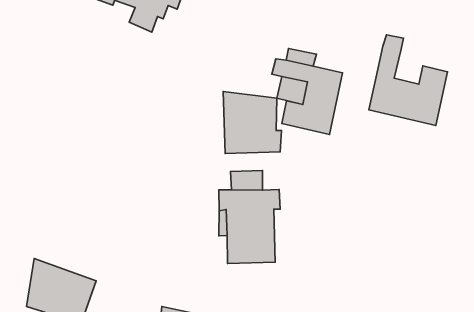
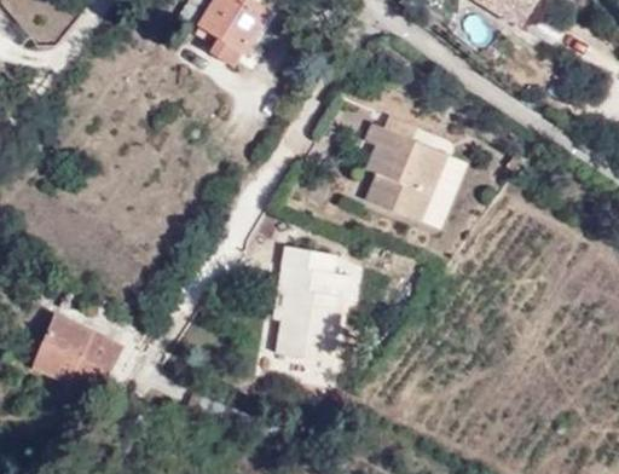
building: [369,35,448,126] -> none
building: [223,92,281,153] -> none

